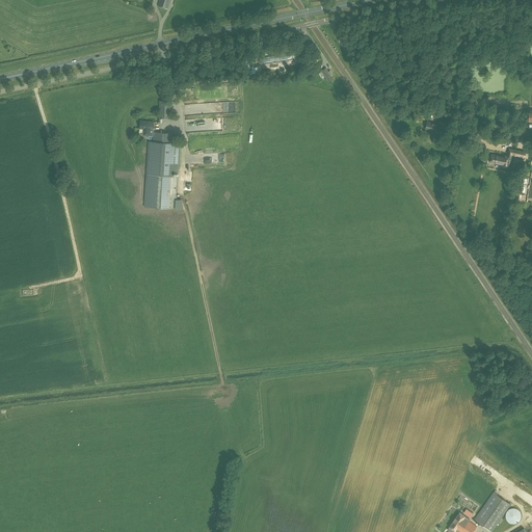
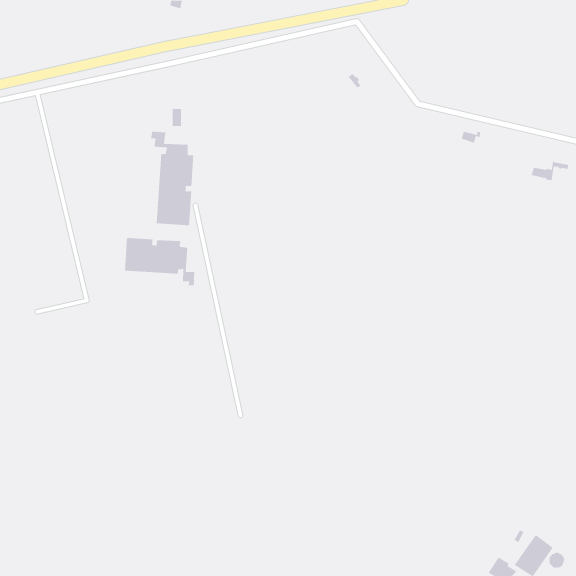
building: none -> [124,237,195,286]

